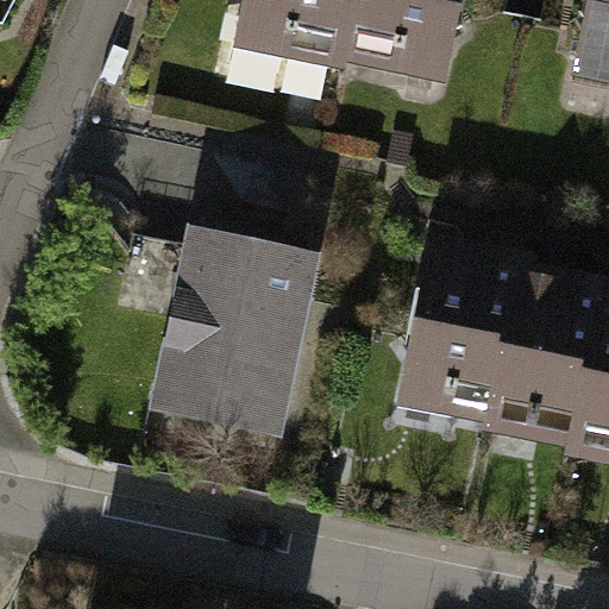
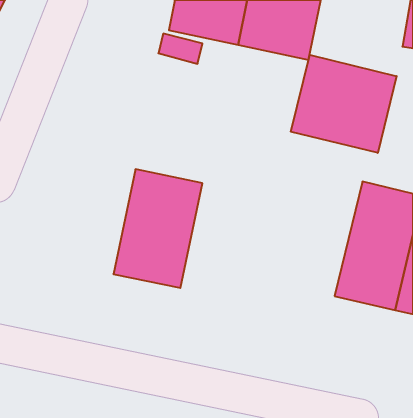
building: none -> [291,55,397,153]
building: [398,243,528,431] -> none

